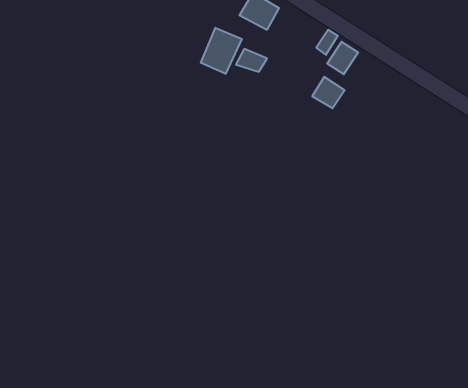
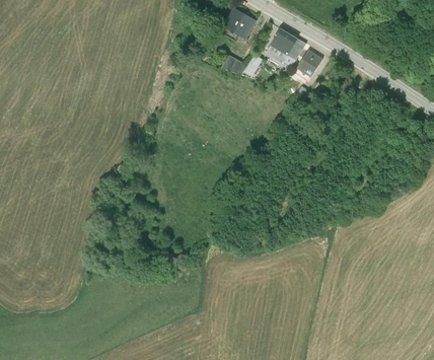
building: [201,28,242,74] -> none
building: [312,77,345,108] -> [270,28,297,55]

